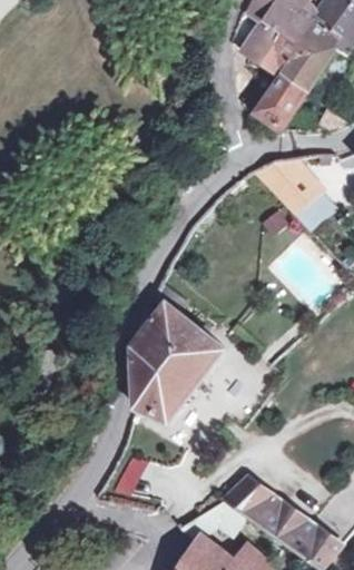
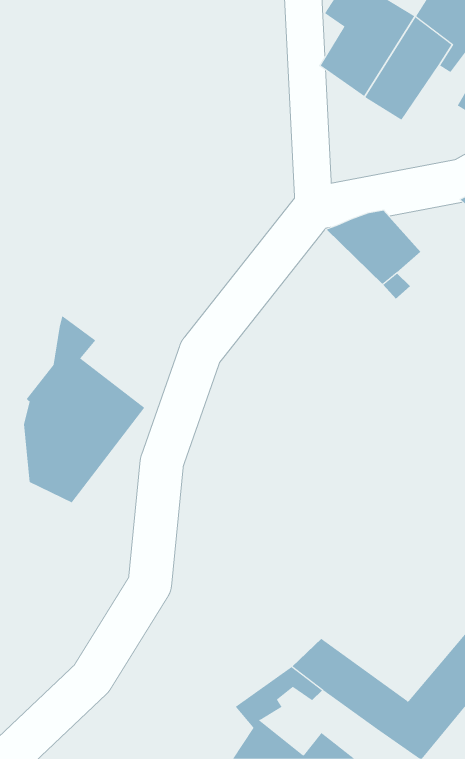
building: [254,73,306,129] -> none
building: [131,281,223,421] -> [23,315,145,503]

